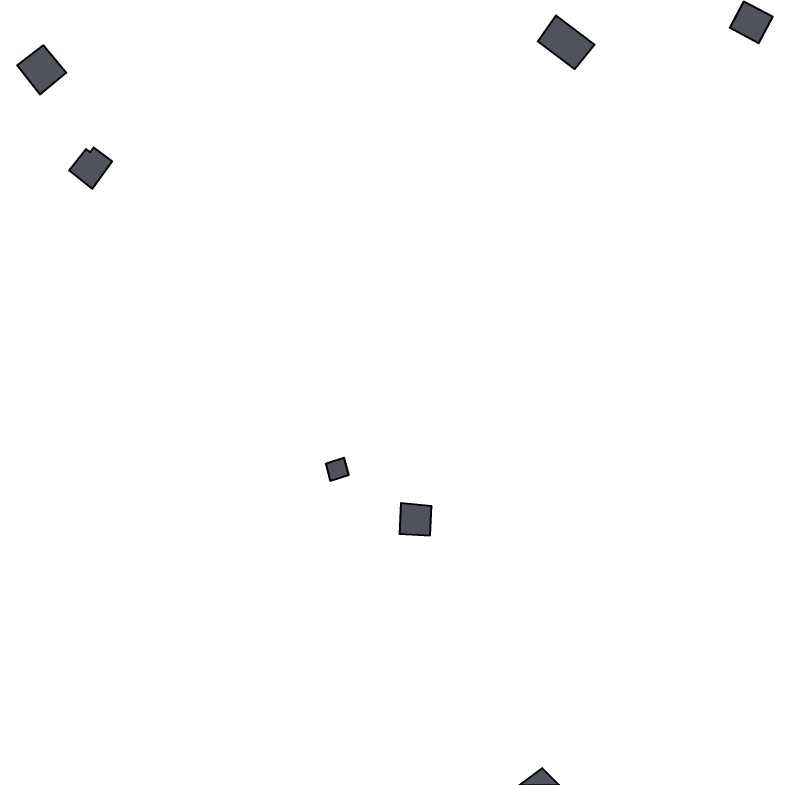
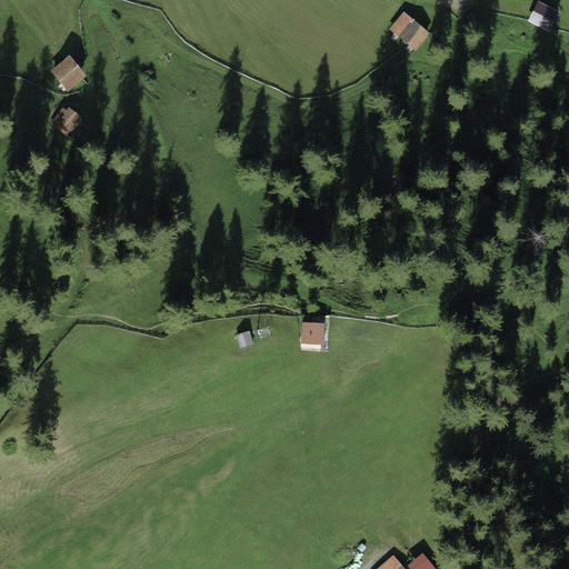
building: [17,45,66,94] -> [50,56,86,91]
building: [399,503,432,535] -> [301,321,325,345]

